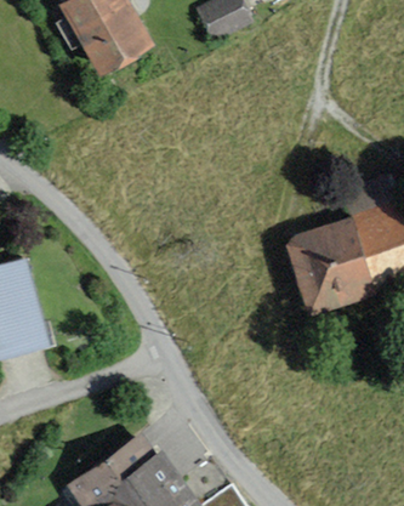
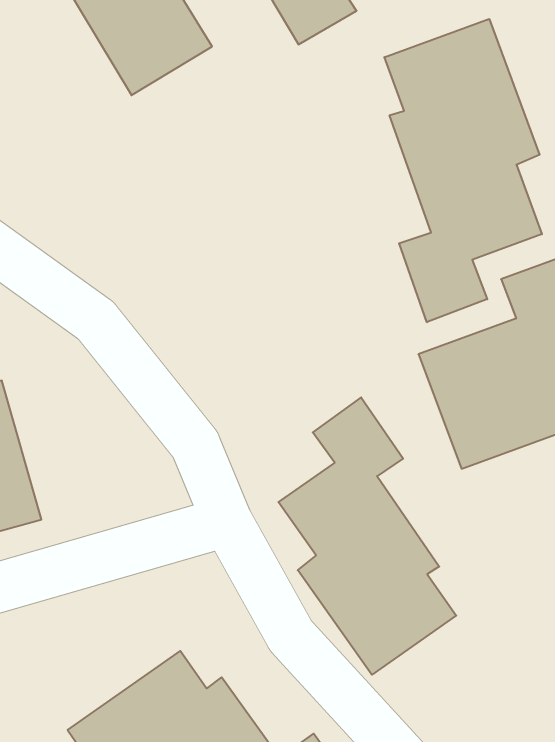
building: none -> [384,19,542,322]
building: none -> [278,397,456,675]

